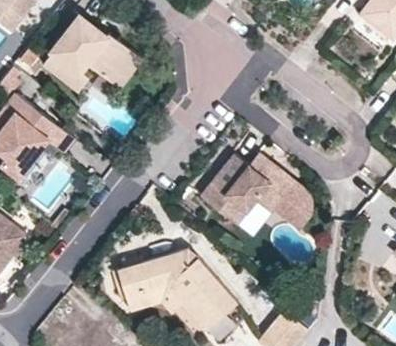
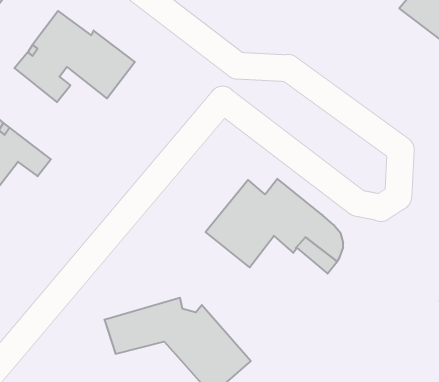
building: [126,287,182,314] -> none

